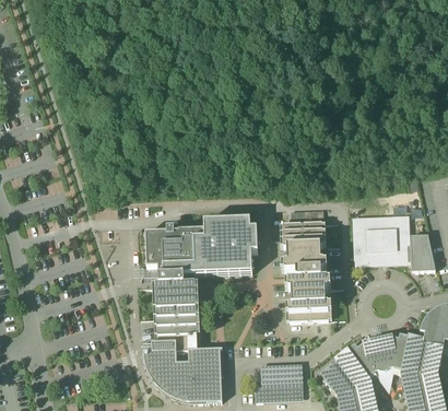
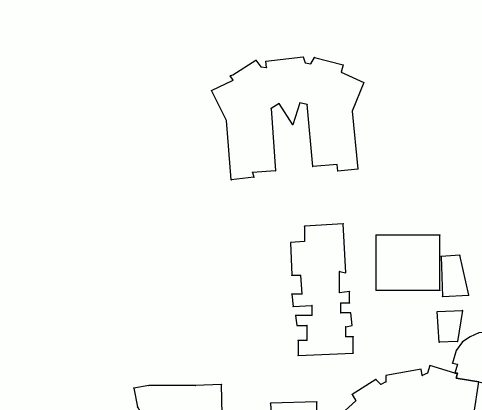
building: none -> [211,57,364,180]
building: [144,218,259,349] -> none
building: none -> [437,310,462,342]

